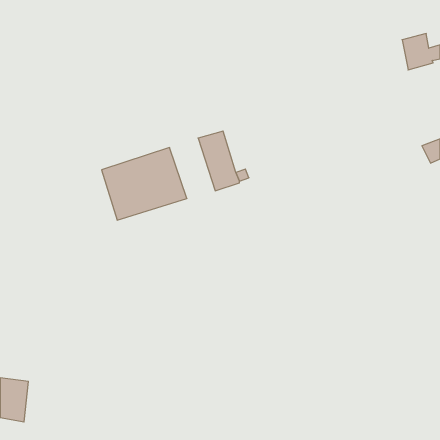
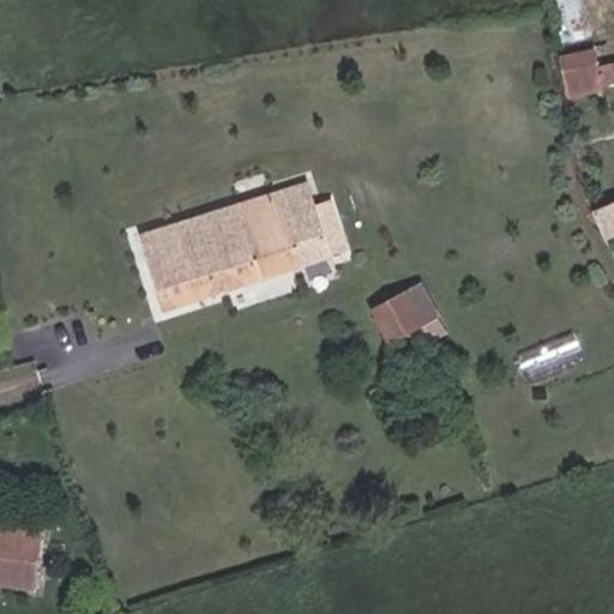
building: none -> [236,193,300,277]
building: none -> [373,293,423,343]

